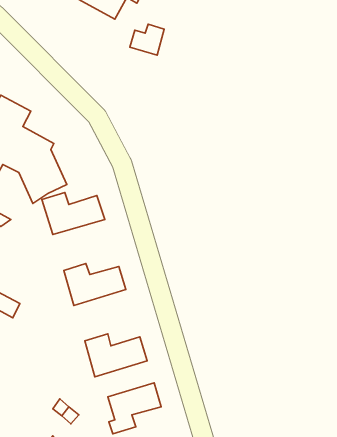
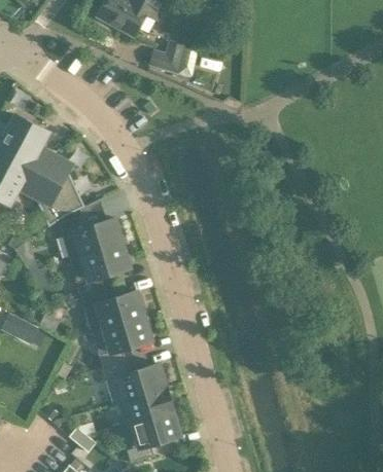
building: none -> [69,243,130,295]
building: none -> [91,315,151,367]
building: none -> [112,388,173,425]

